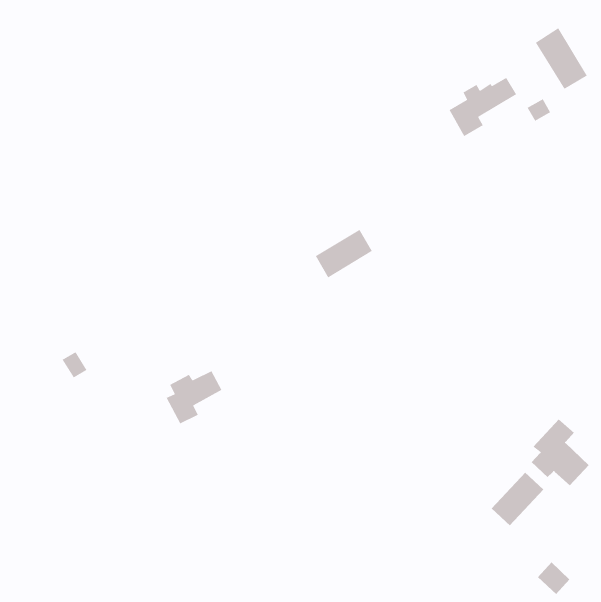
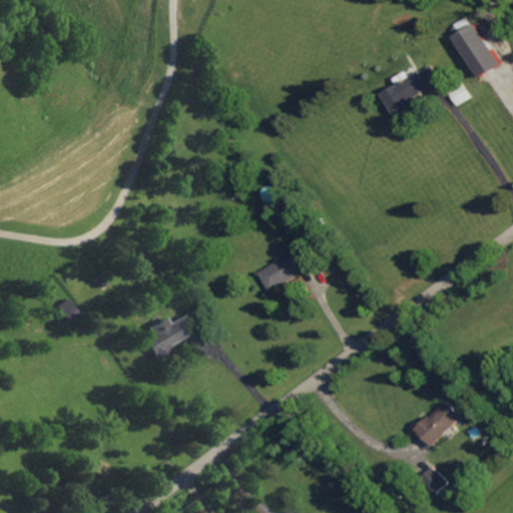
building: [315,229,373,278] -> [258,251,307,294]
building: [531,418,589,486] -> none
building: [537,562,570,595] -> [418,468,446,496]

